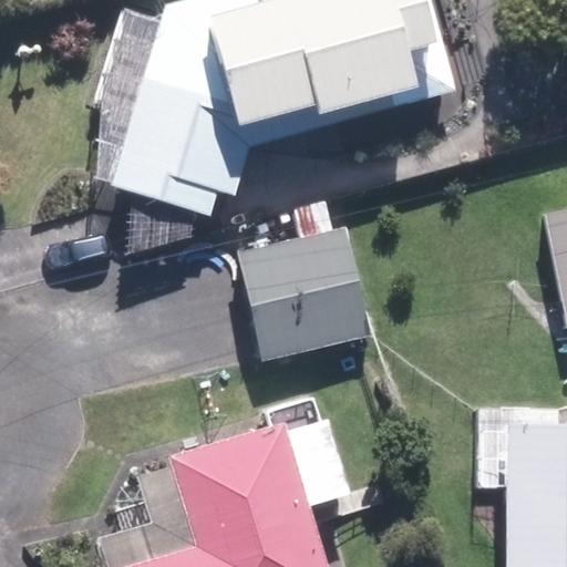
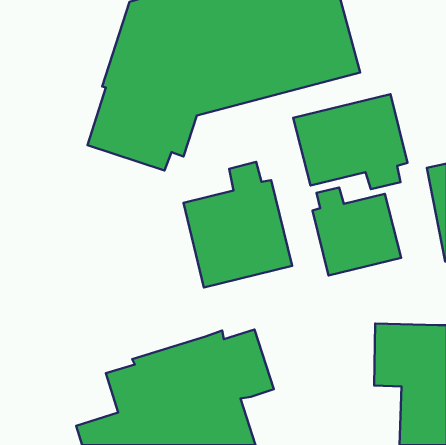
building: none -> [293,94,407,189]
building: none -> [312,188,401,275]

